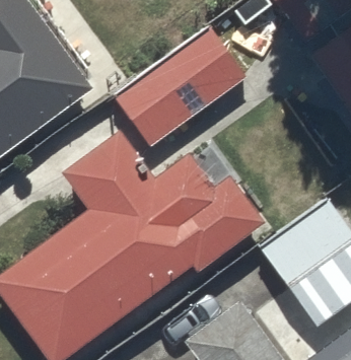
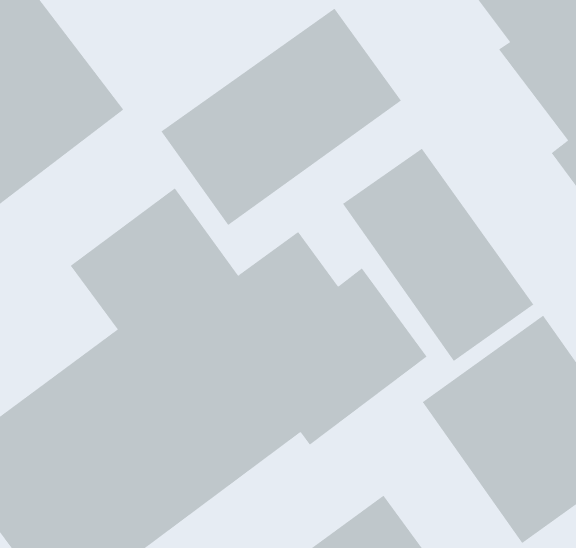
building: none -> [342,148,534,362]

